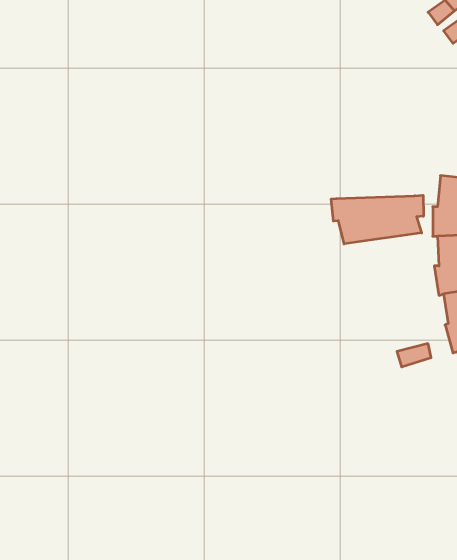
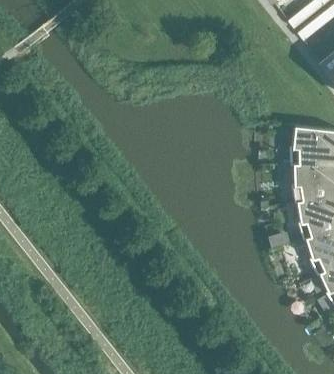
building: [331,195,423,244] -> none

